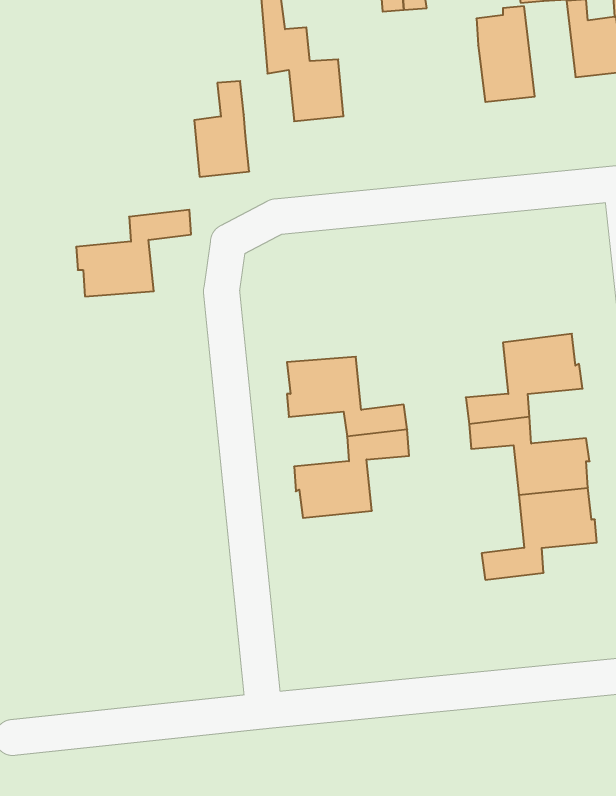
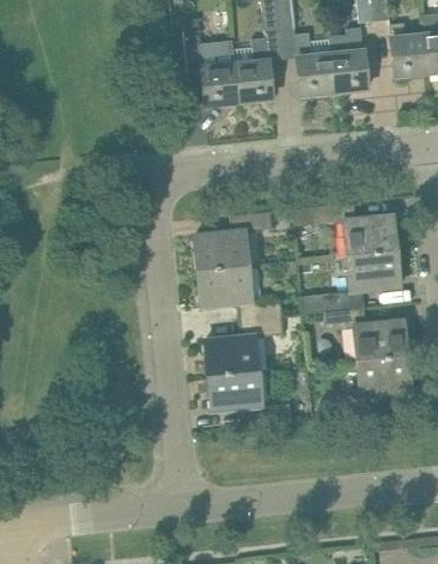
building: none -> [296,34,335,96]
building: [194,81,249,177] -> [236,38,273,103]
building: [76,210,191,296] -> [195,211,273,269]
building: none -> [314,204,395,256]
building: none -> [211,370,292,425]

